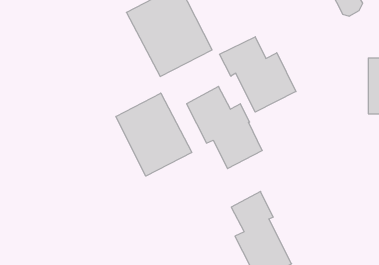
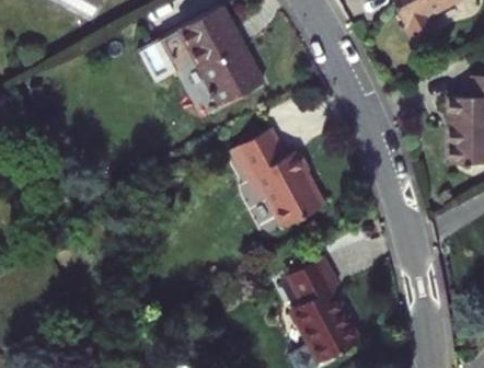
building: [220,37,296,112] -> none
building: [116,93,192,176] -> none

